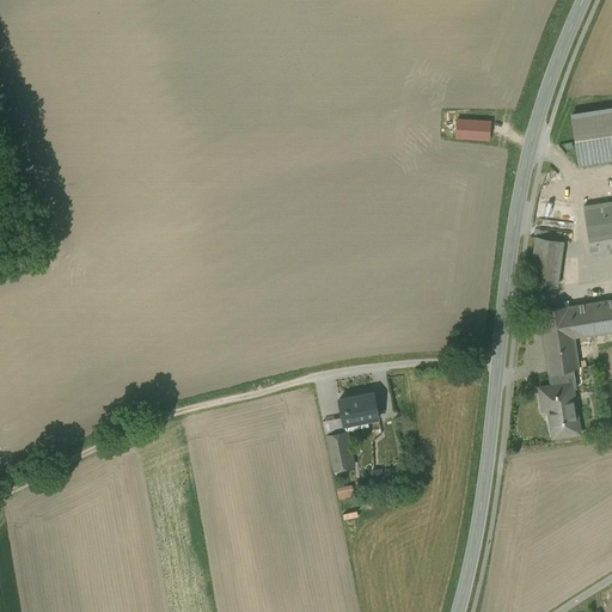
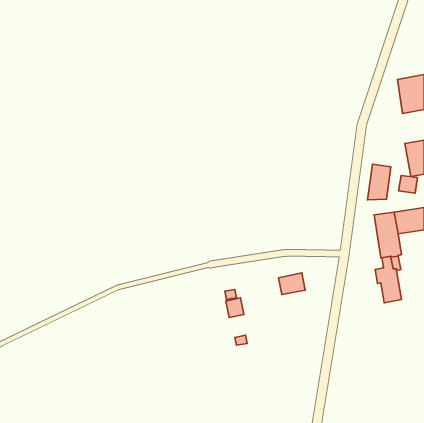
building: [458,121,491,140] -> none
building: none -> [399,175,417,193]
building: [339,393,378,424] -> [278,273,305,294]

